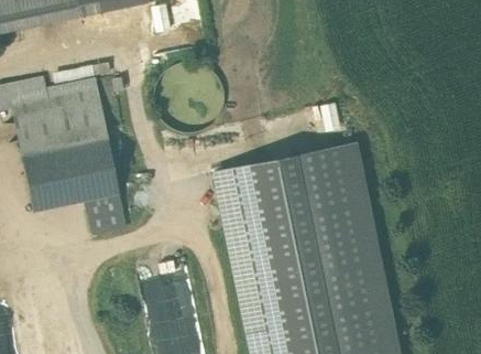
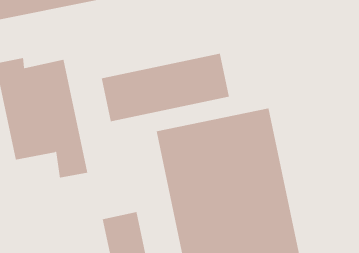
building: none -> [101,53,229,122]

